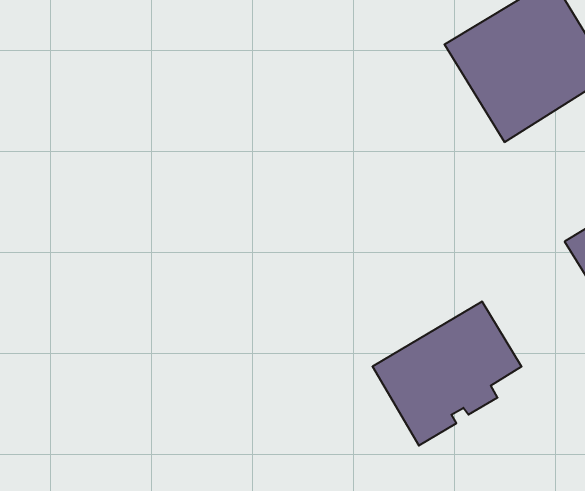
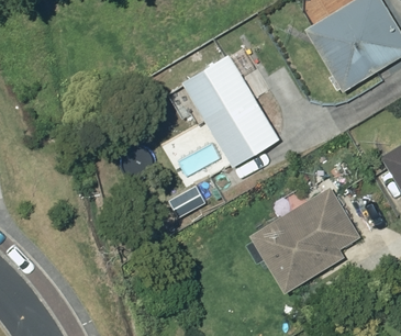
building: none -> [182,56,280,168]

